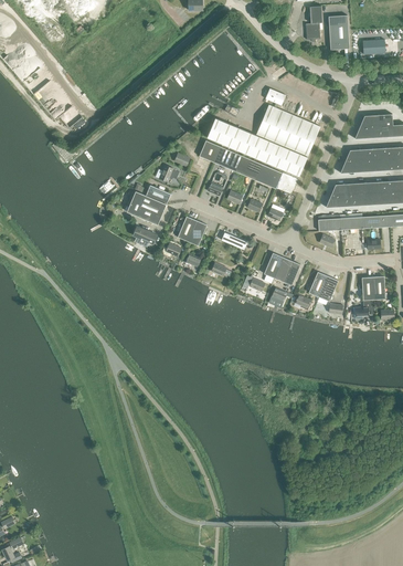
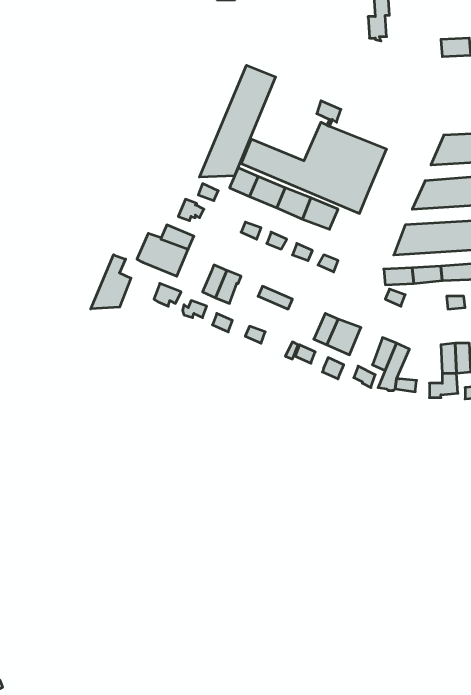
building: [328,15,349,50] -> none
building: none -> [199,65,276,177]
building: none -> [91,255,131,309]

